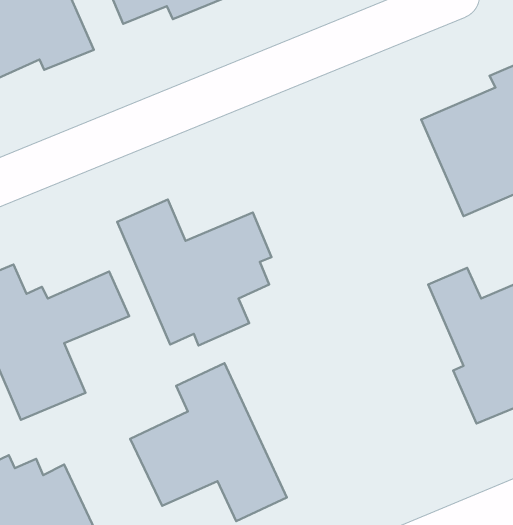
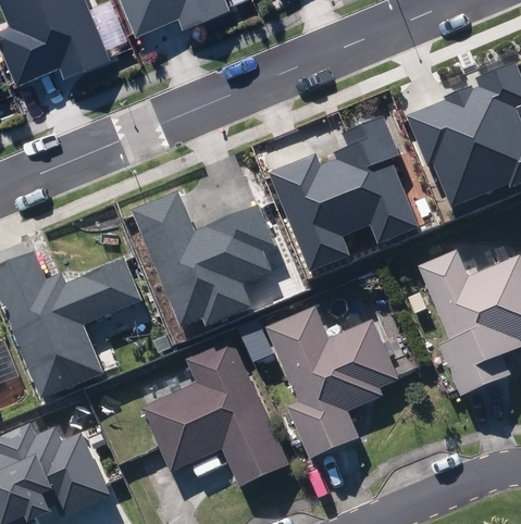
building: none -> [268,114,418,271]
building: none -> [268,310,398,460]

